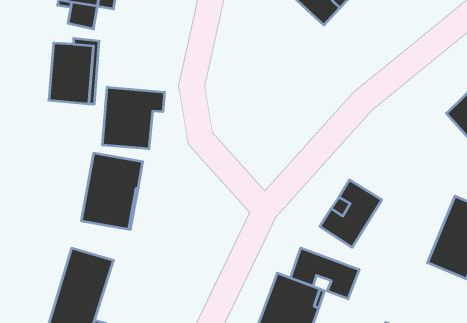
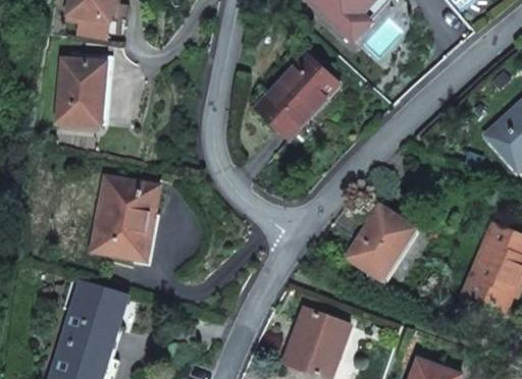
building: none -> [254,52,338,139]
building: [102,87,164,149] -> none
building: [291,248,359,299] -> none

